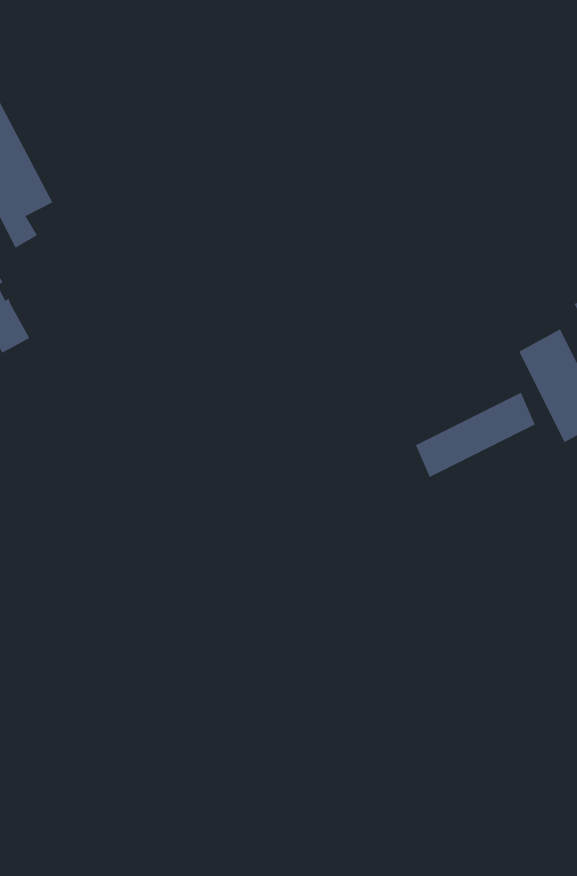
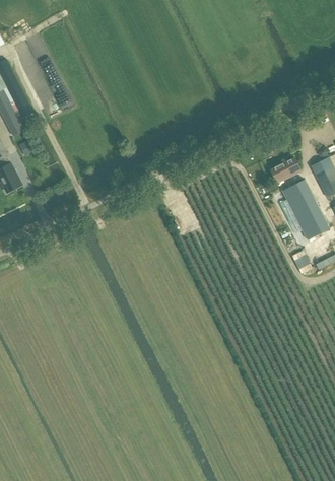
building: none -> [270,157,300,183]
building: [415,392,535,478] -> none

